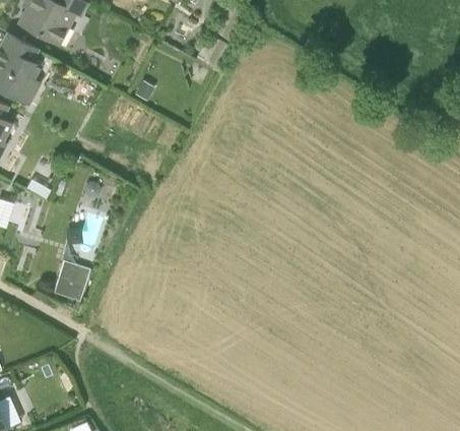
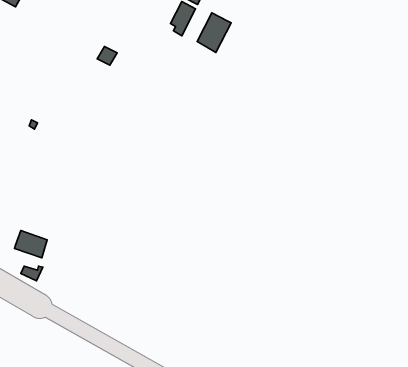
building: none -> [197,13,231,52]

